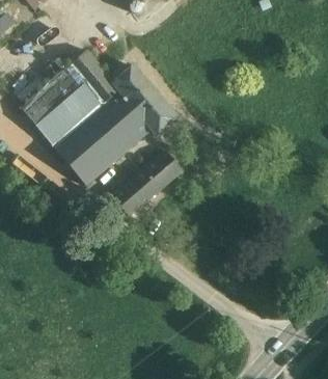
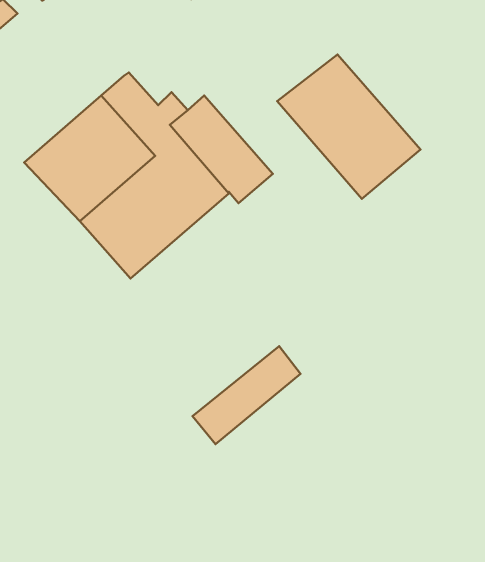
building: none -> [277,54,420,199]
building: [114,153,183,215] -> [193,346,301,444]

